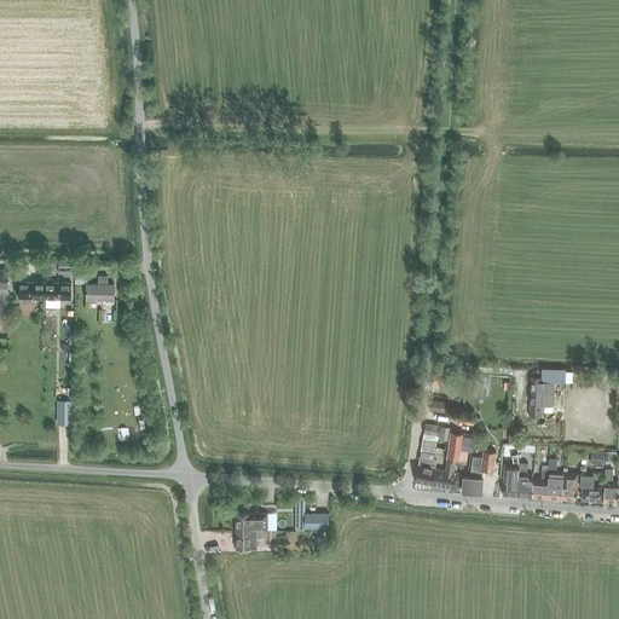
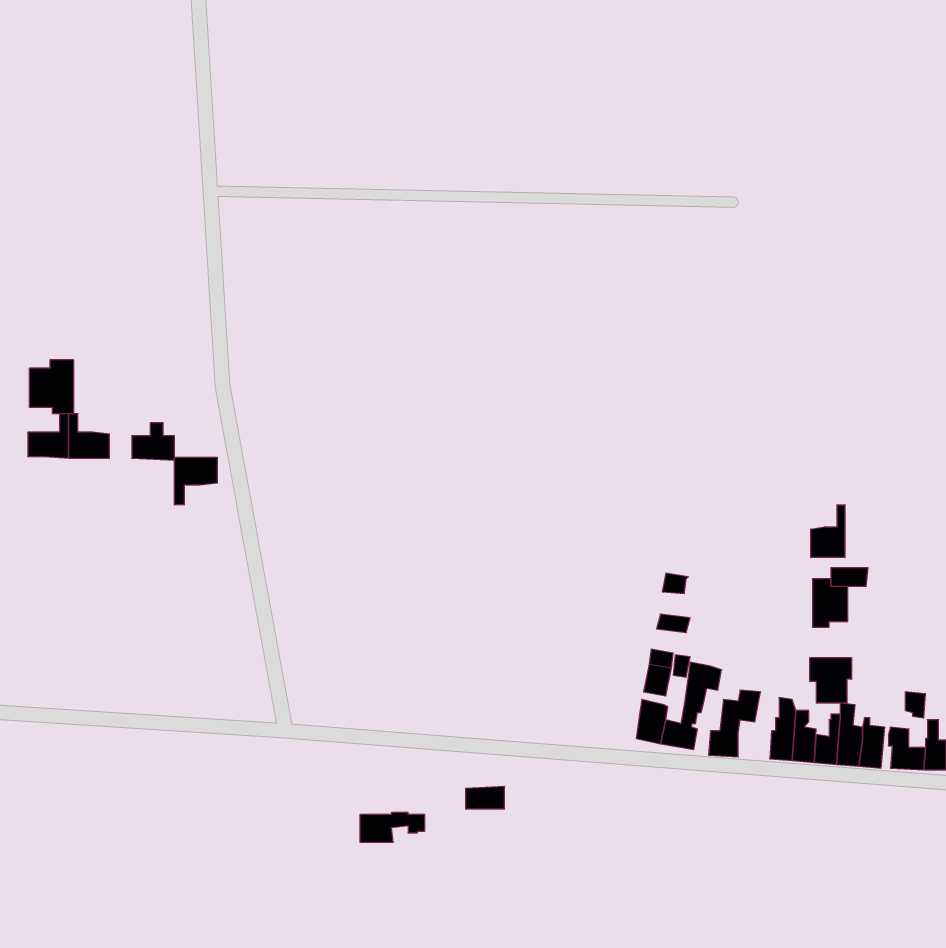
building: none -> [30,360,73,414]
building: none -> [174,457,217,505]
building: none -> [811,505,845,558]
building: none -> [810,658,852,703]
building: [236,513,268,531] -> none

